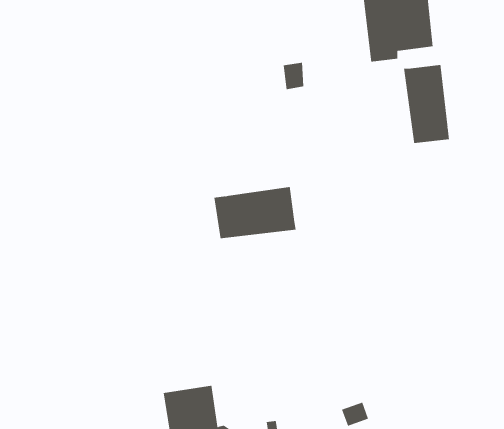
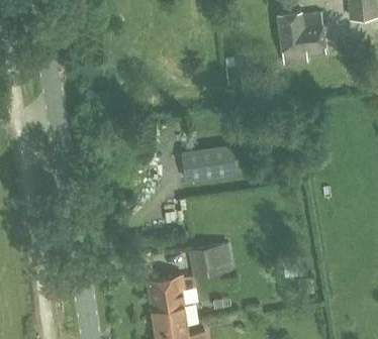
building: [404,64,450,144] -> none
building: none -> [188,244,234,278]

